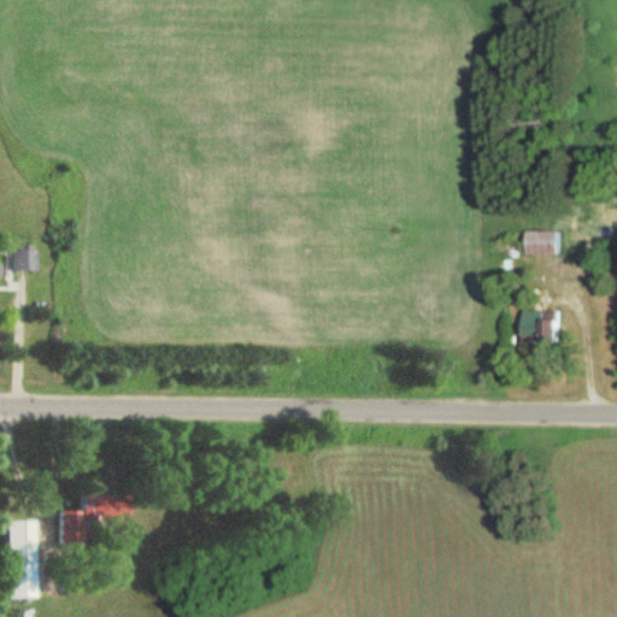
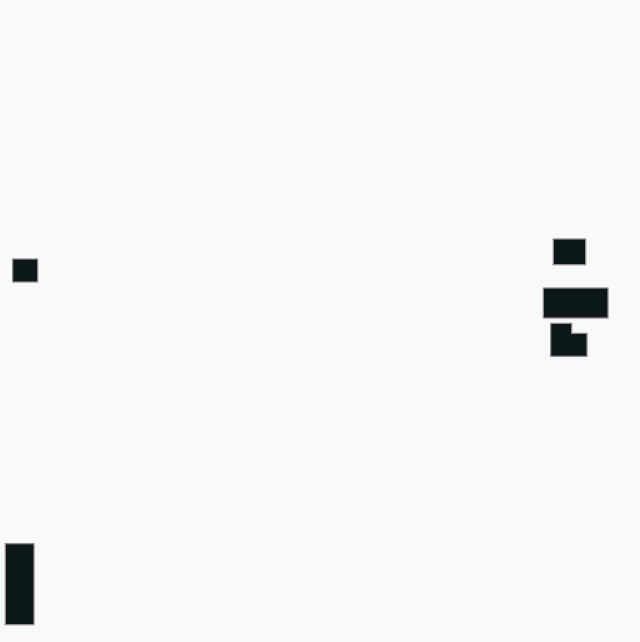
building: none -> [544,288,608,318]
building: [61,494,129,551] -> none

